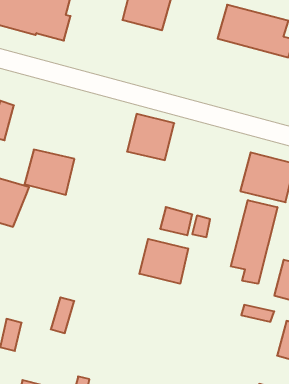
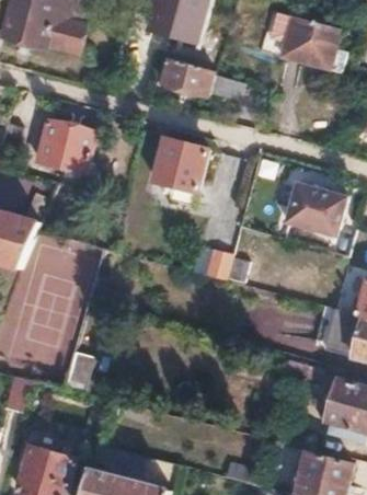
building: none -> [161,58,243,97]
building: [24,150,74,195] -> [35,120,93,173]
building: [231,200,277,284] -> none
building: [139,239,188,284] -> none

